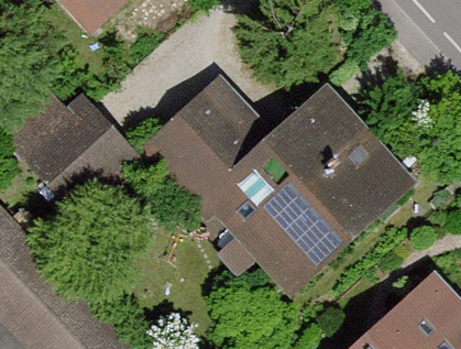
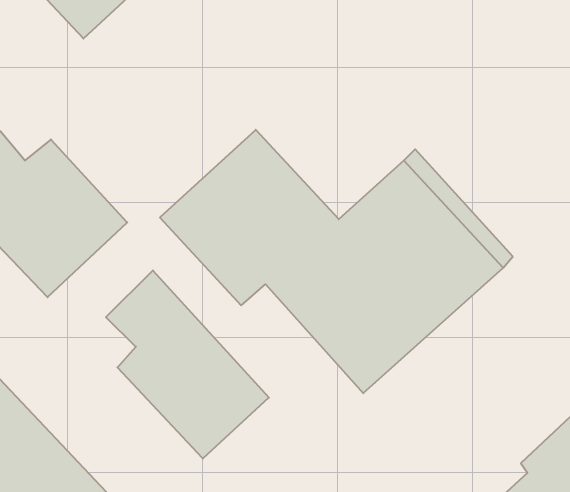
building: none -> [106,270,269,459]

